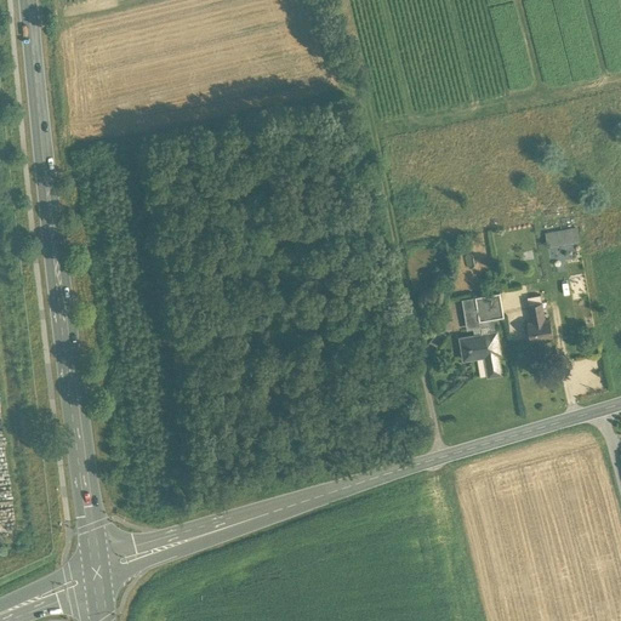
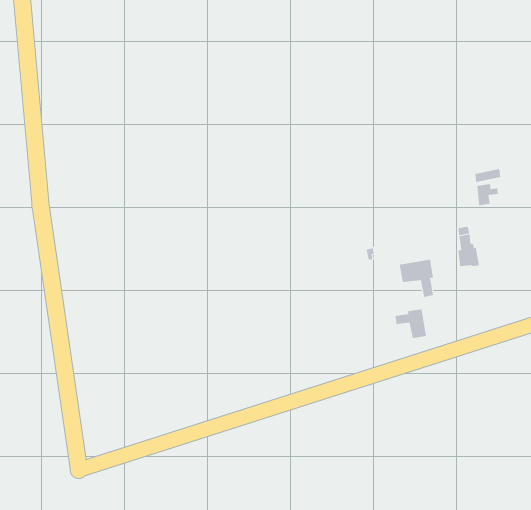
building: [473,292,501,321] -> none
building: none -> [395,308,427,339]

